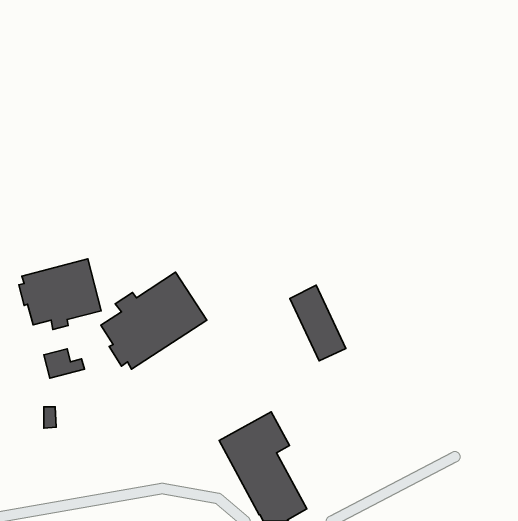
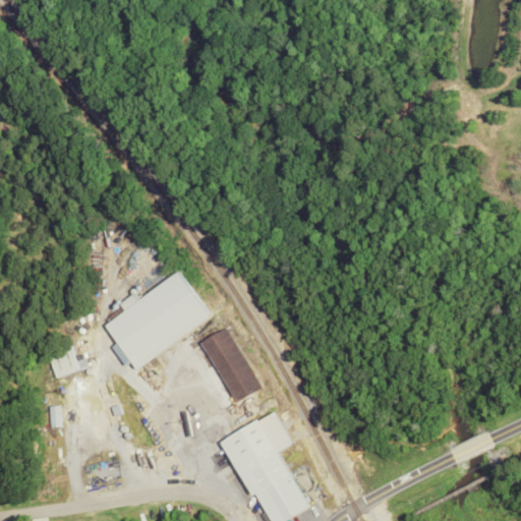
building: [19,259,101,329] -> none
building: [290,285,346,361] -> [202,327,258,402]

